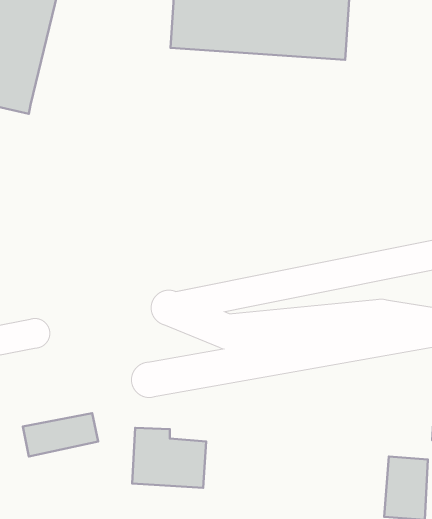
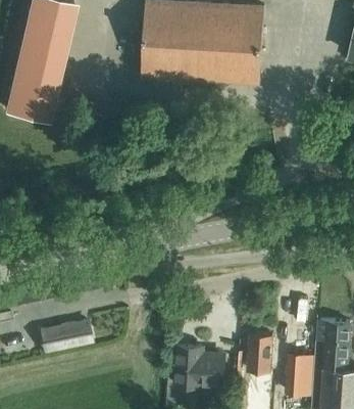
building: [132,428,206,488] -> [176,347,226,388]
building: none -> [248,333,272,374]

